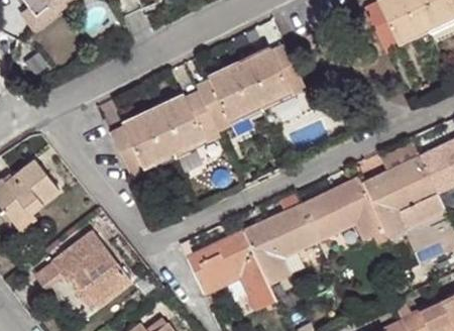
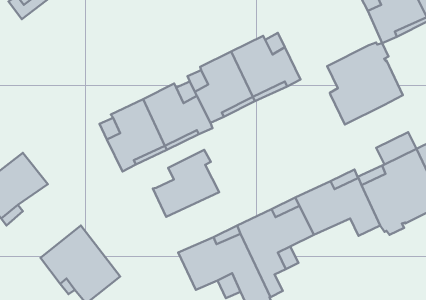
building: none -> [327,43,403,124]
building: none -> [153,150,219,217]

